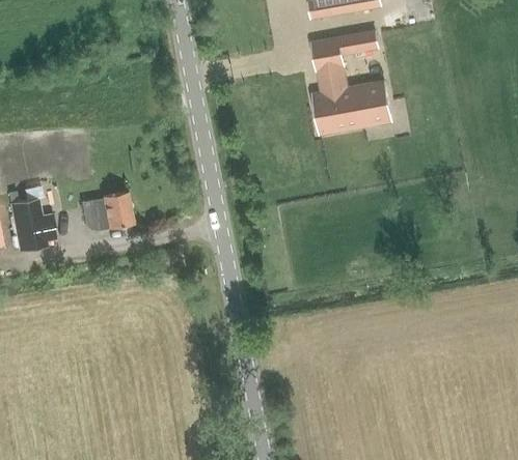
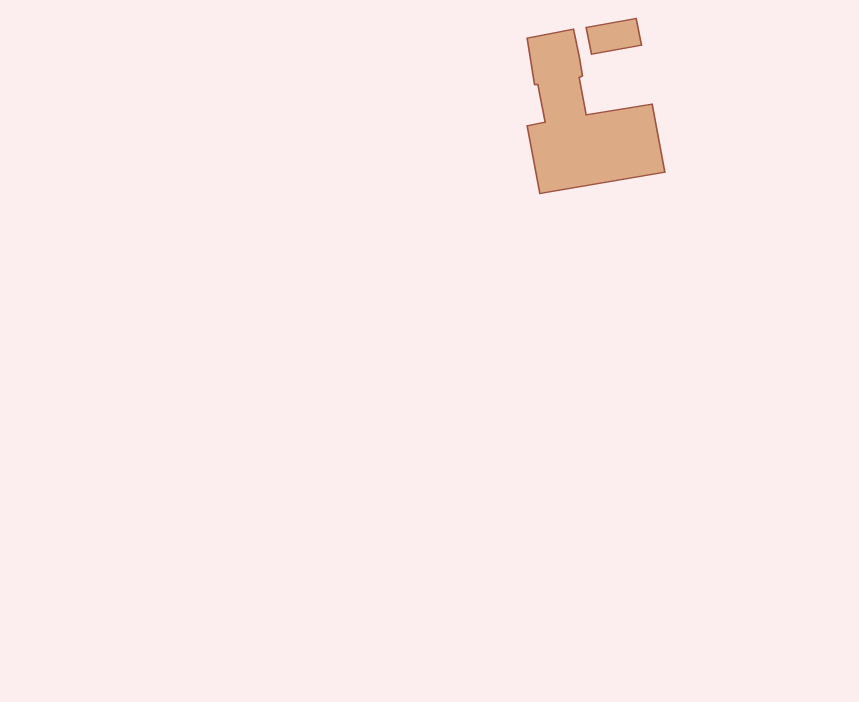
building: [82,191,134,230] -> none
building: [9,197,56,250] -> none

